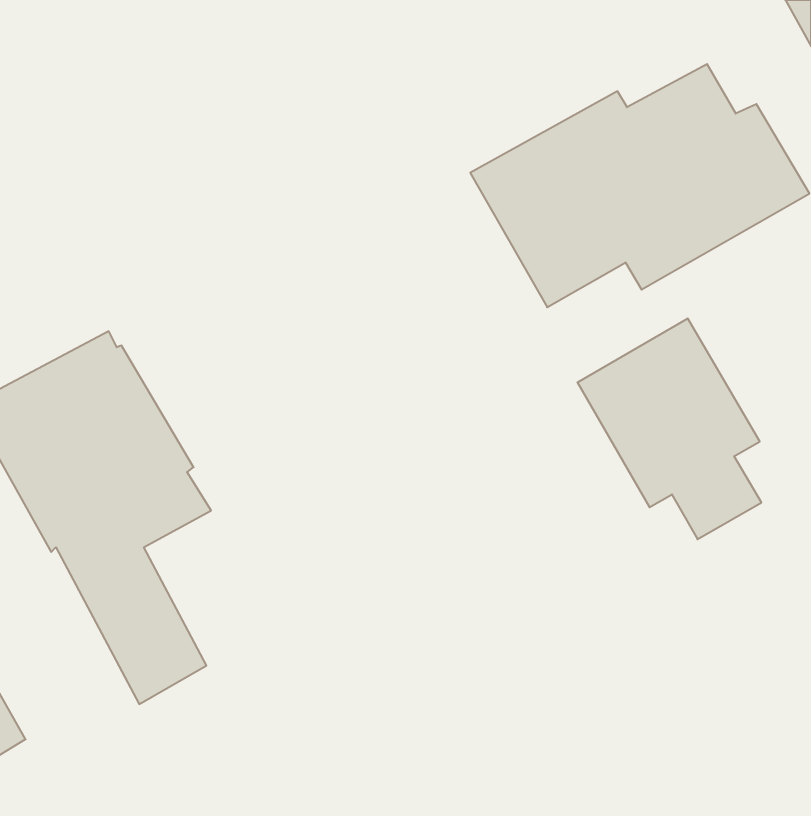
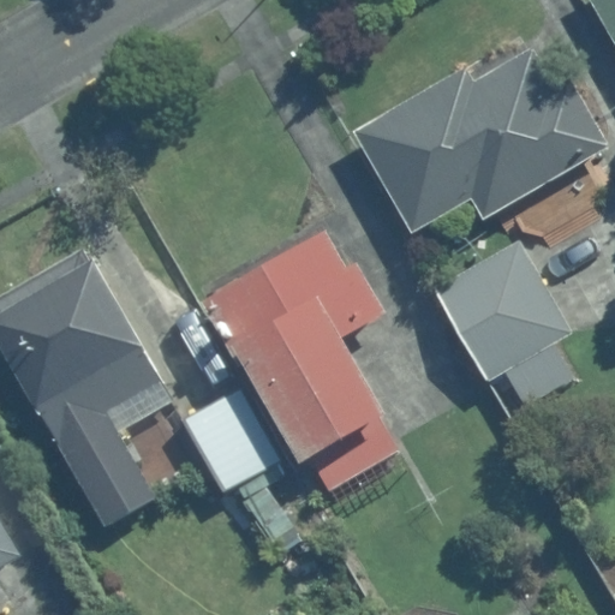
building: none -> [198,231,396,492]
building: none -> [185,389,277,491]

